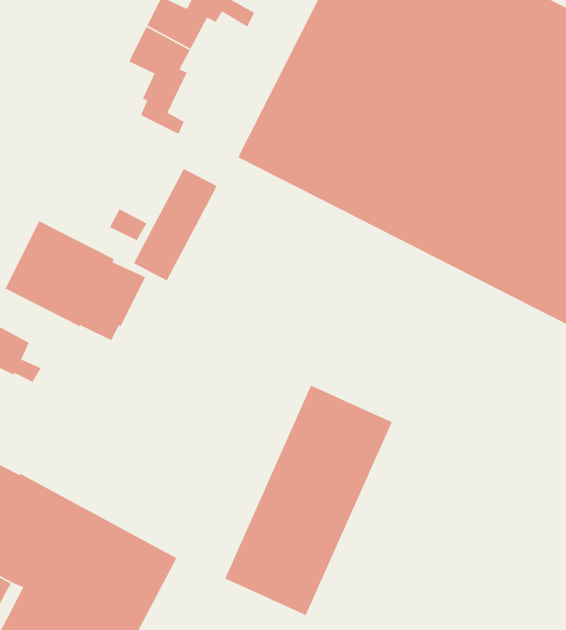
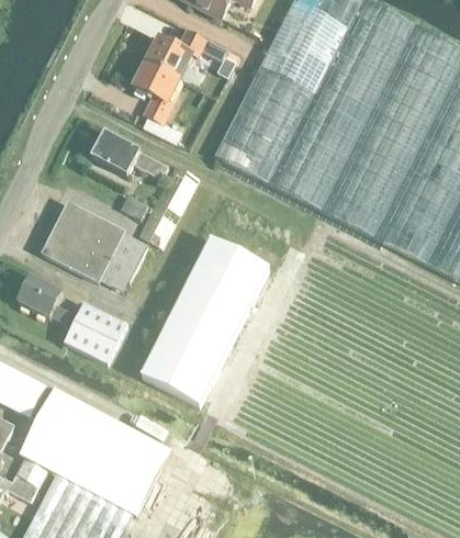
building: none -> [92,131,168,177]
building: none -> [64,301,127,361]
building: [224,385,393,616] -> [144,233,268,403]

